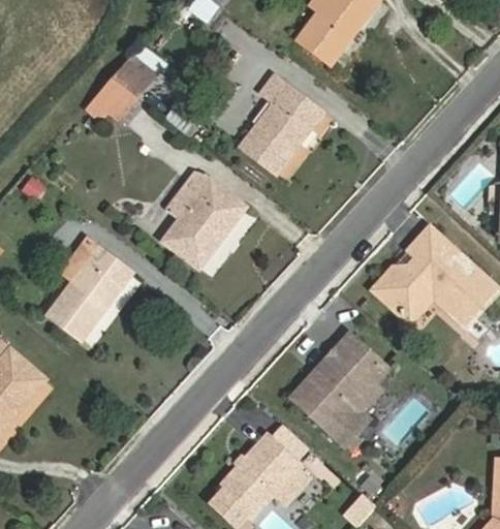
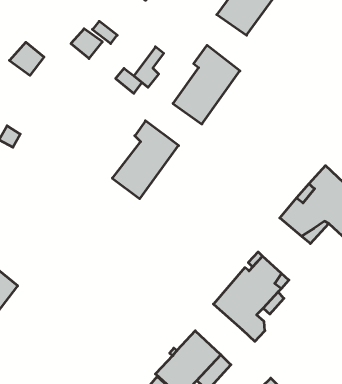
building: [92,75,135,117] -> [9,42,44,75]
building: [168,163,206,214] -> [134,47,164,87]
building: [48,246,131,340] -> none

